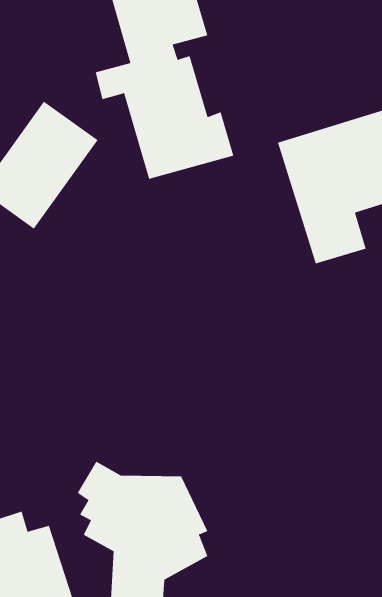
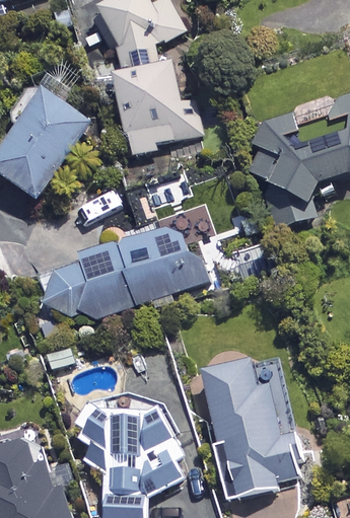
building: none -> [40,221,209,332]
building: none -> [203,359,298,498]

